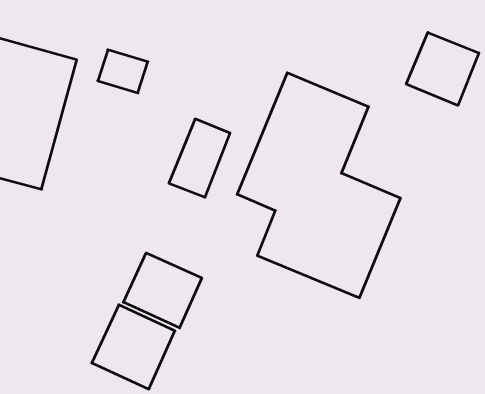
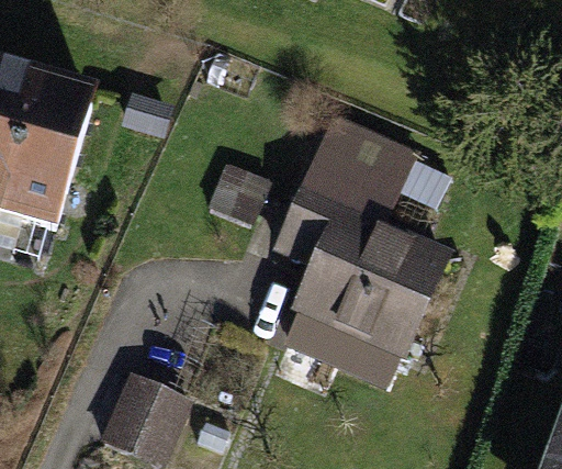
building: [406,32,479,105] -> none
building: [123,253,202,328] -> none

